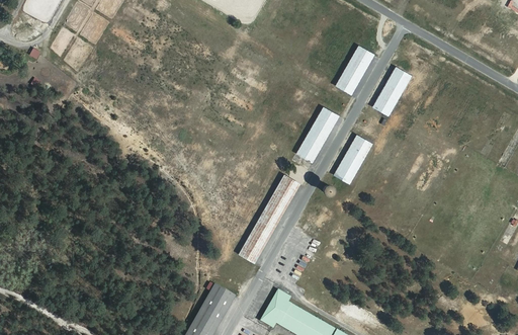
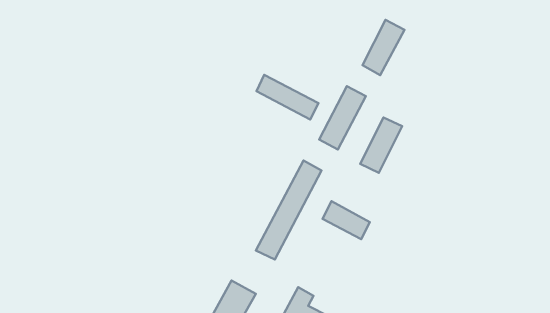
building: [372,66,410,116] -> none
building: none -> [256,75,319,120]
building: none -> [322,201,370,239]

